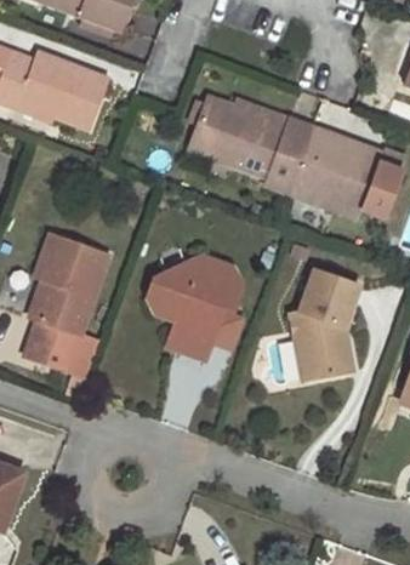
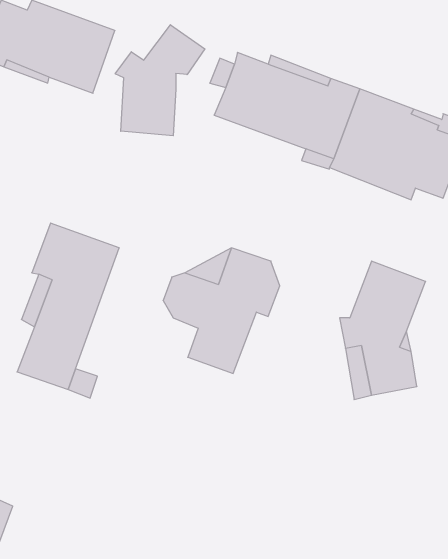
building: none -> [115,25,205,136]

